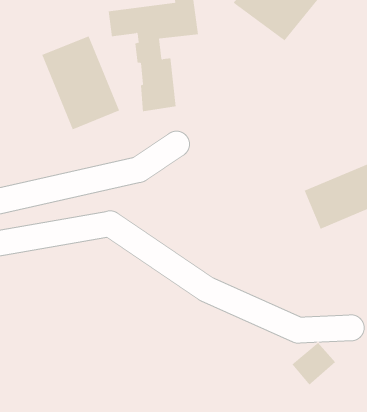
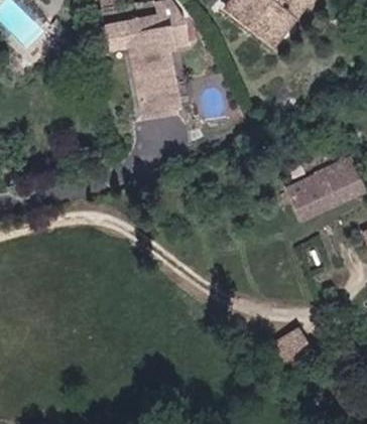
building: [42,35,120,130] -> none

